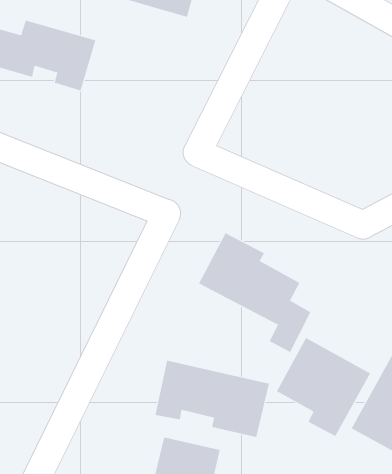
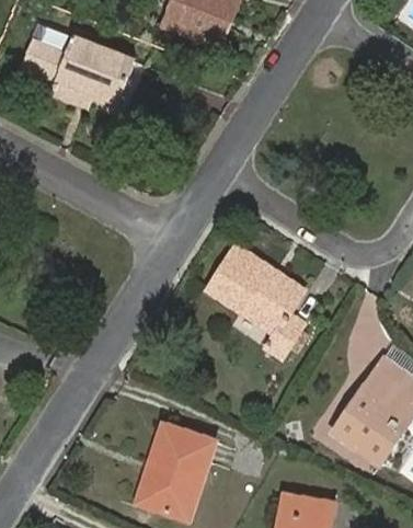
building: [276,337,371,437] -> none
building: [155,360,269,438] -> none

